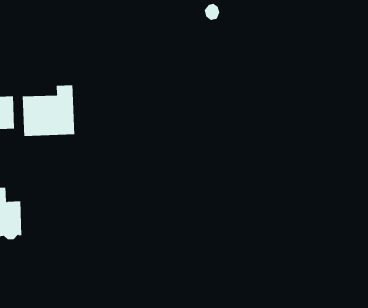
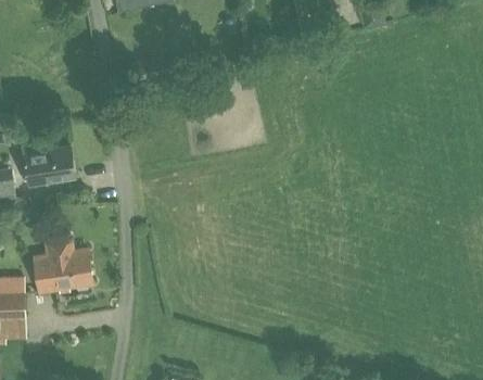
building: [22,85,75,137] -> none

